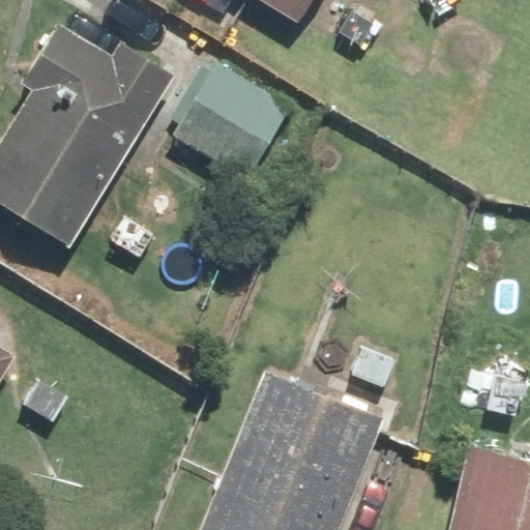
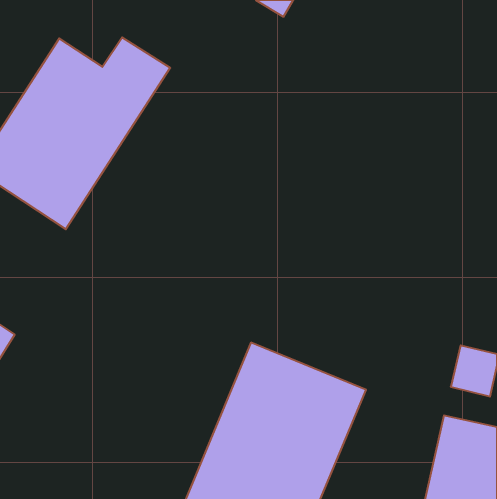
building: [171,64,290,182] -> none

